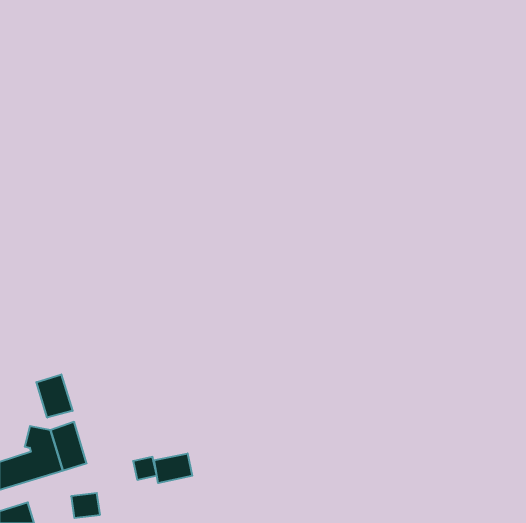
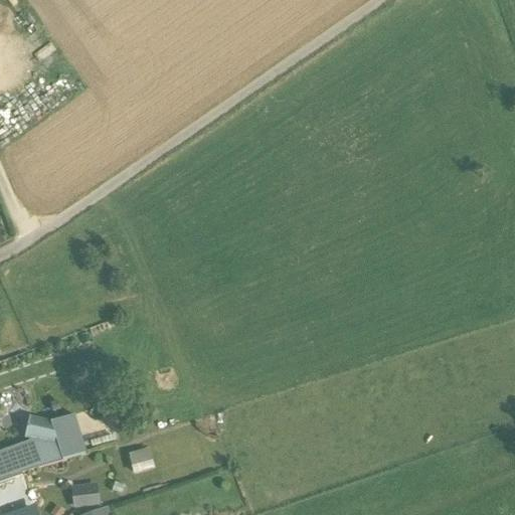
building: [36,374,73,418] -> none
building: [154,453,192,483] -> none

